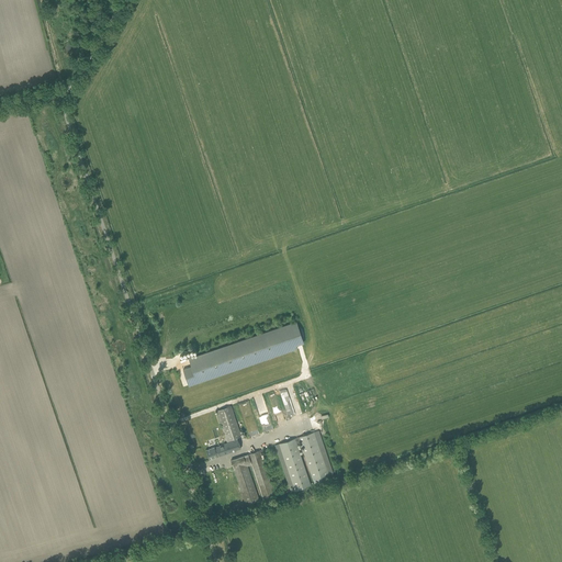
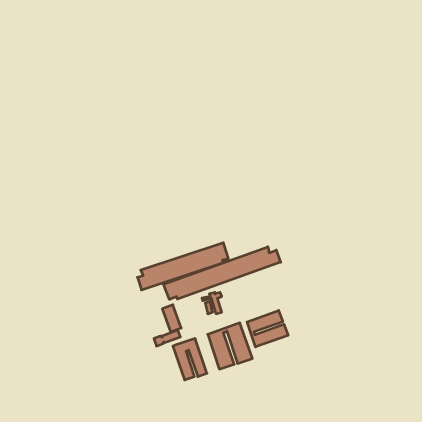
building: none -> [164,247,281,299]
building: none -> [247,310,288,347]

